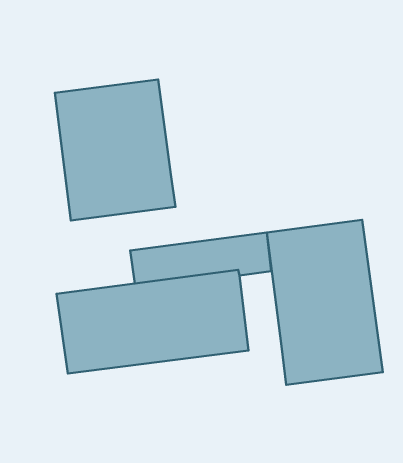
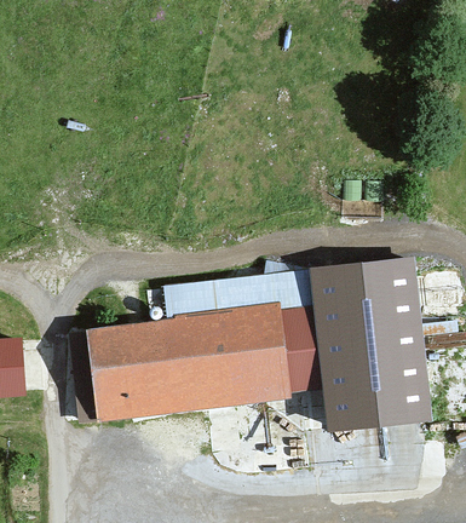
building: [55,79,175,220] -> none
building: none -> [280,311,324,396]

